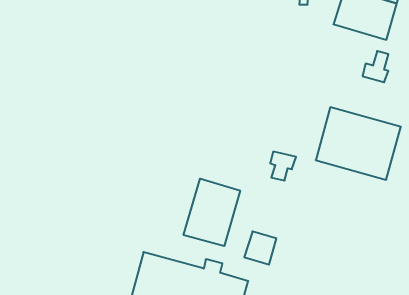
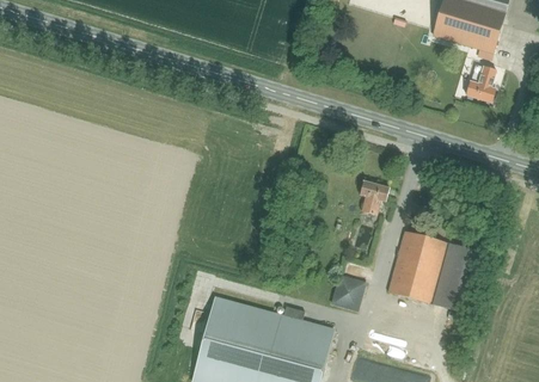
building: [316,107,401,180] -> [387,230,485,314]
building: [184,179,240,246] -> none

